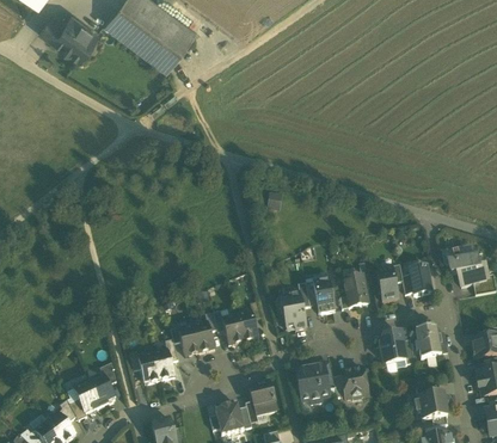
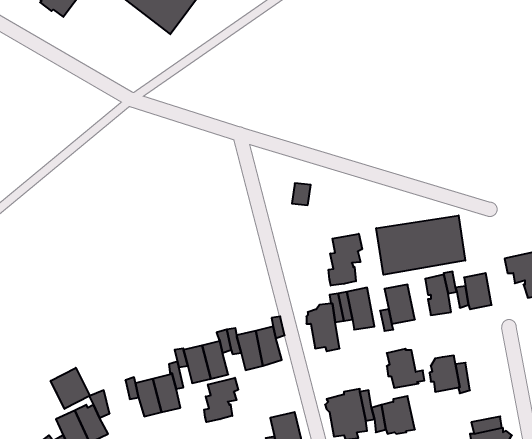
building: none -> [376,215,465,275]
building: none -> [329,234,362,286]
building: [415,326,446,358] -> [387,349,424,388]
building: none -> [51,368,90,409]
building: none -> [204,378,238,422]

